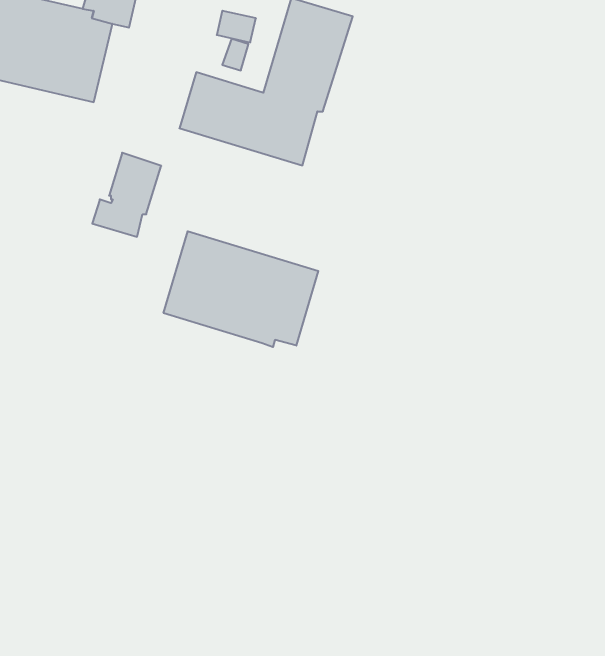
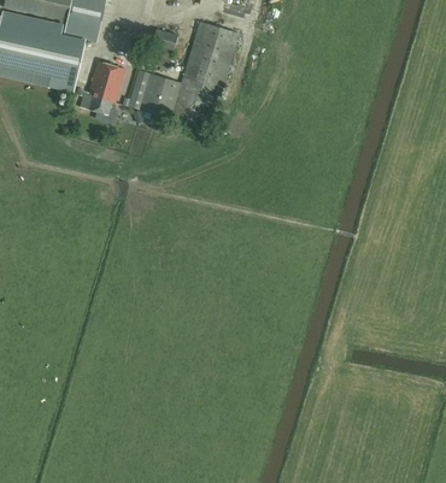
building: [92,153,161,237] -> [78,60,123,114]
building: [164,231,318,347] -> none

